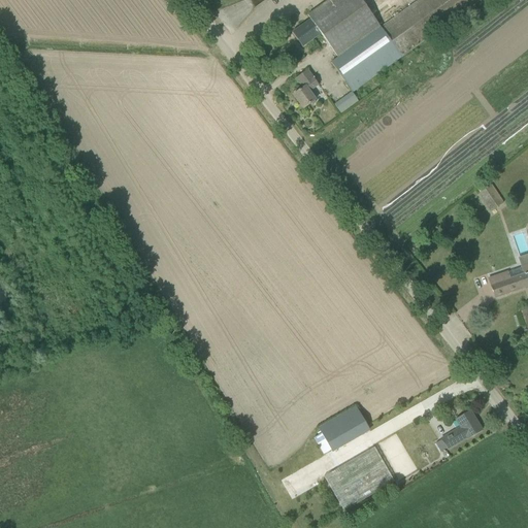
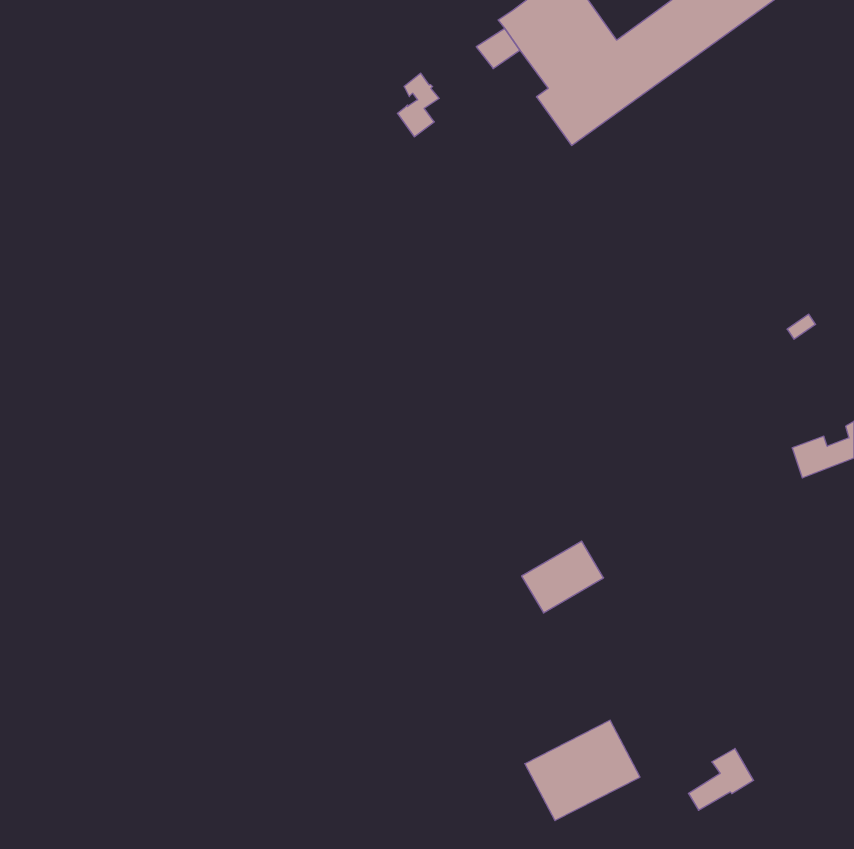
building: [293,67,319,106] -> [397,73,439,137]
building: [319,404,369,449] -> [522,541,604,613]
building: [441,408,482,447] -> [688,748,754,810]

